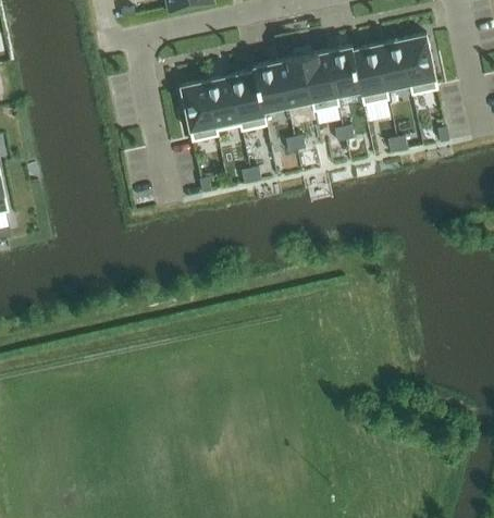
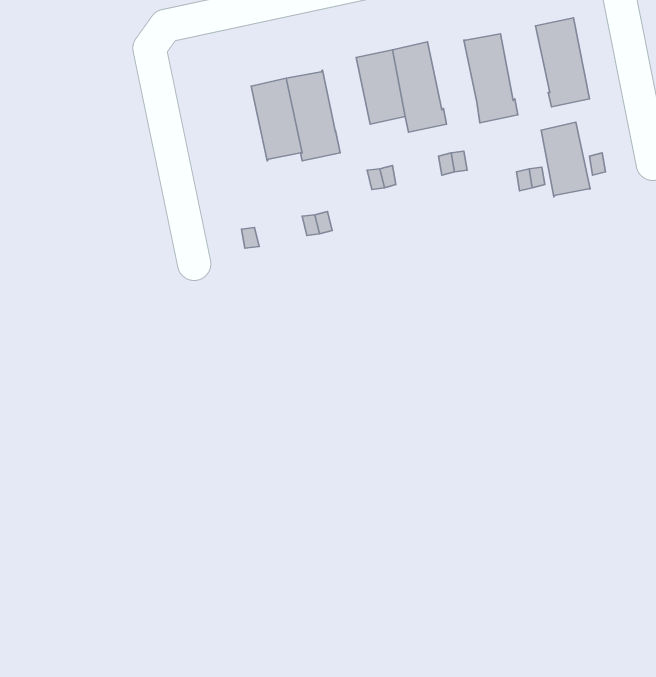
building: [376,40,410,91] -> [541,122,590,197]
building: [326,47,360,98] -> none
building: [252,62,287,113] -> none
building: [180,82,219,143] -> none

